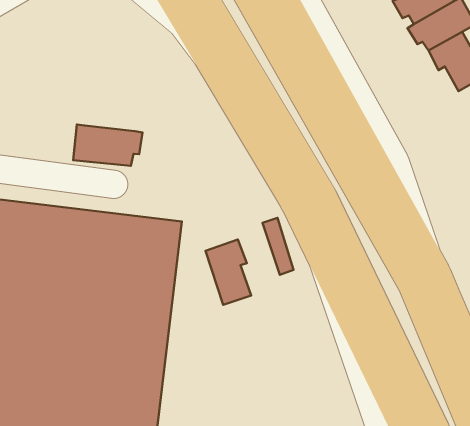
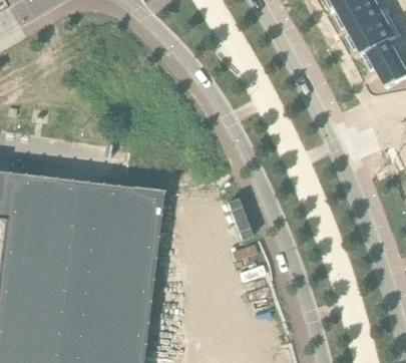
building: [73,124,142,166] -> none
building: [205,240,251,305] -> none

